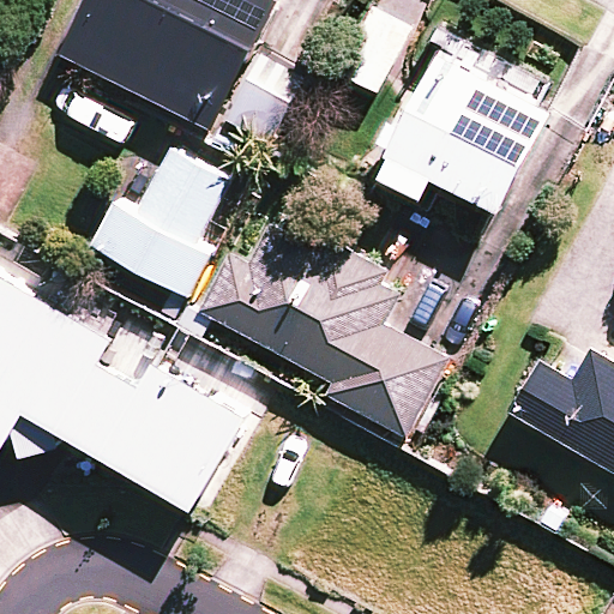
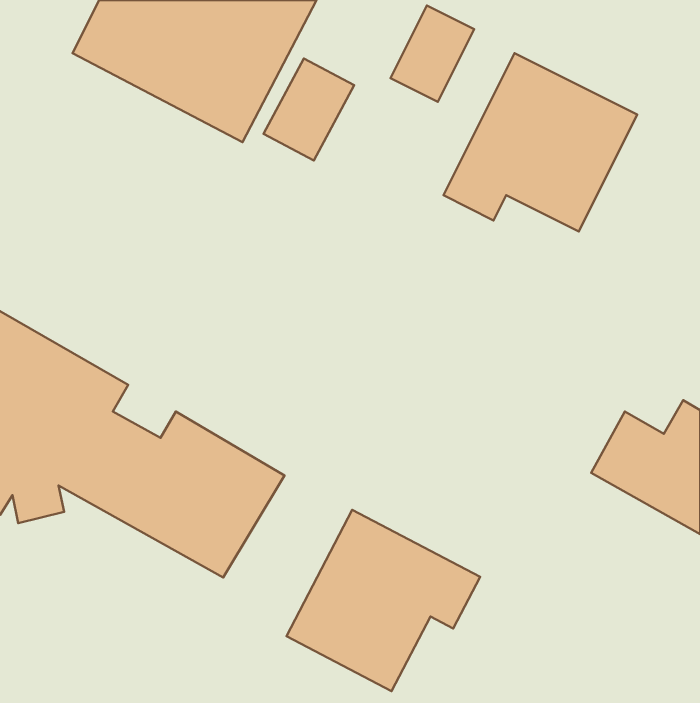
building: [90,154,234,294] -> none
building: [200,217,447,439] -> none
building: none -> [286,510,480,691]

